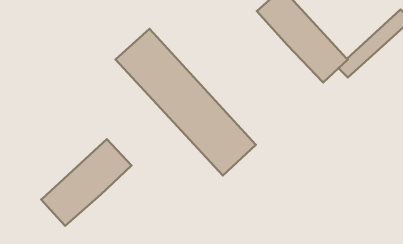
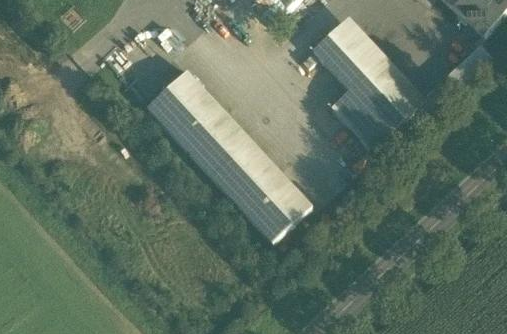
building: none -> [331,87,391,148]
building: [41,139,132,226] -> none

